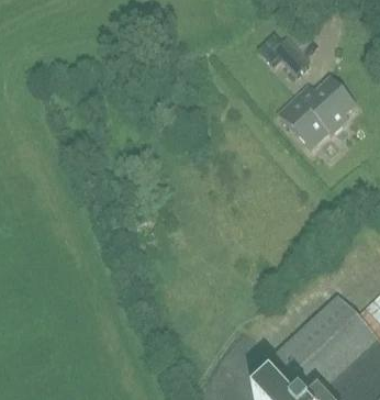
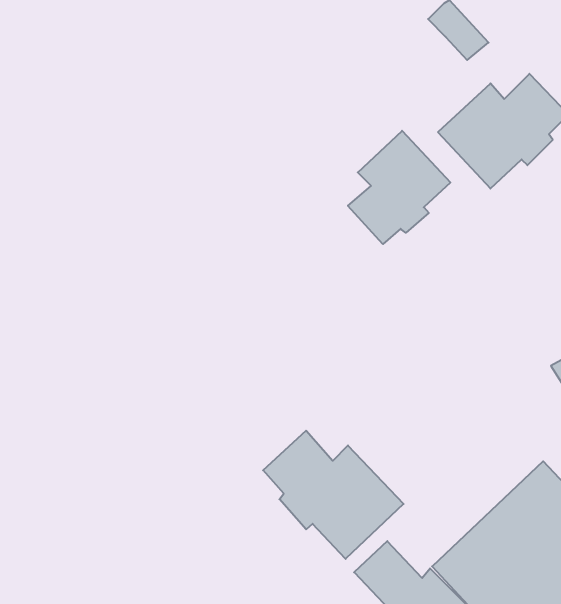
building: none -> [348,131,450,244]
building: none -> [263,431,404,559]

